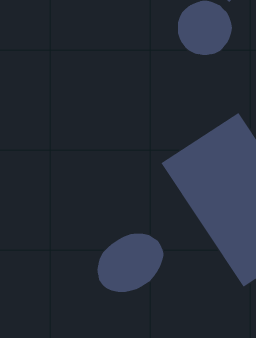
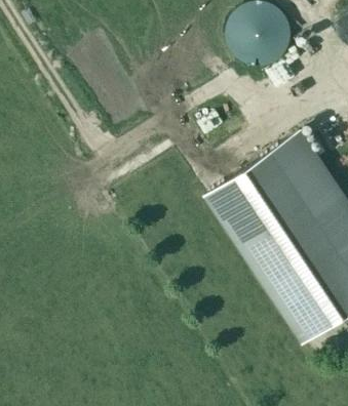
building: [97,233,164,293] -> none

